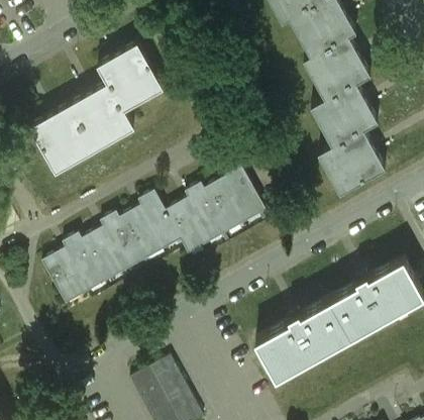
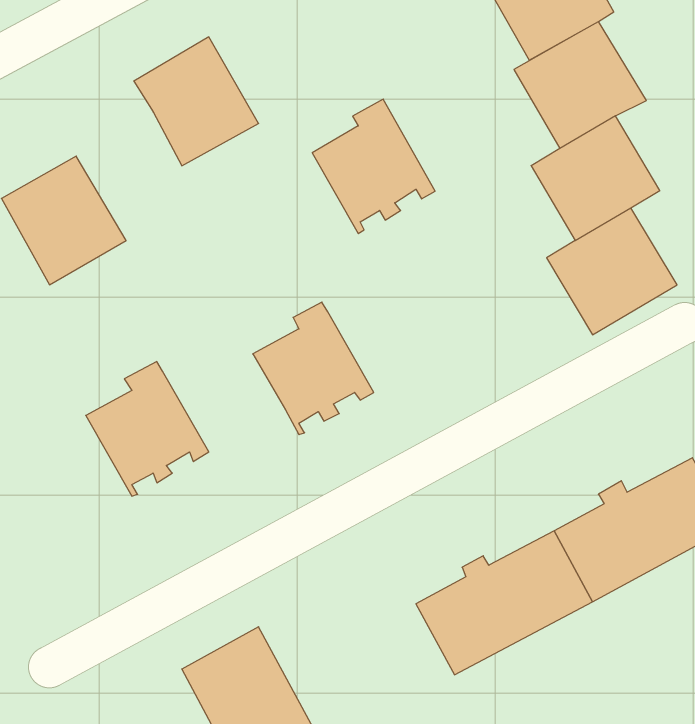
building: [72,86,137,153] -> none
building: [204,163,269,233] -> [312,99,435,234]
building: [117,194,182,266] -> none
building: [36,239,101,311] -> none

